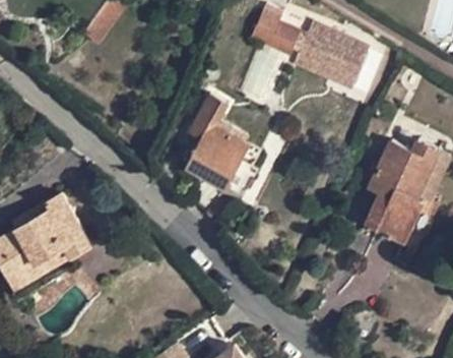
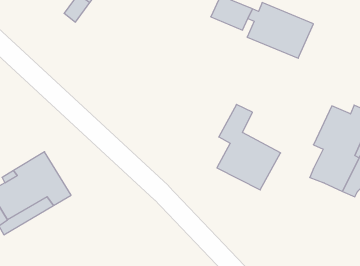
building: [185,95,258,193] -> [217,104,281,190]

